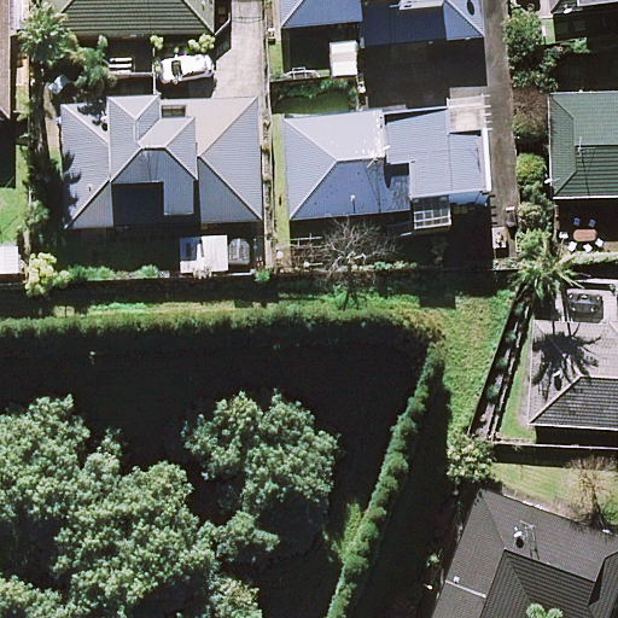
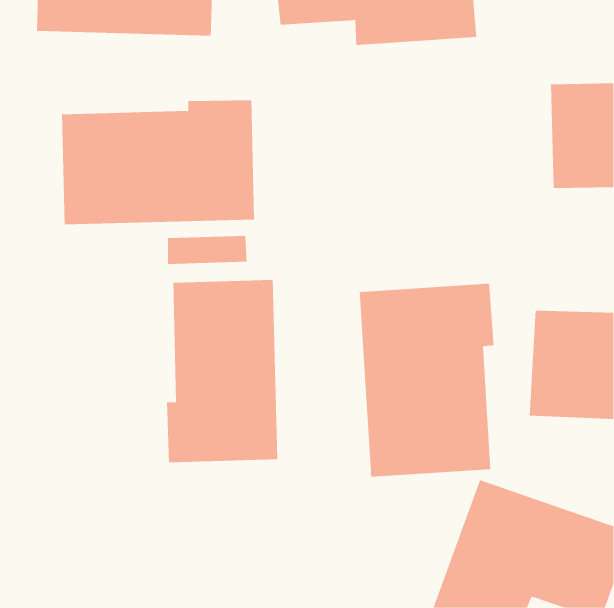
building: [282,115,482,231] -> none
building: none -> [167,279,278,463]
building: none -> [359,283,494,478]

